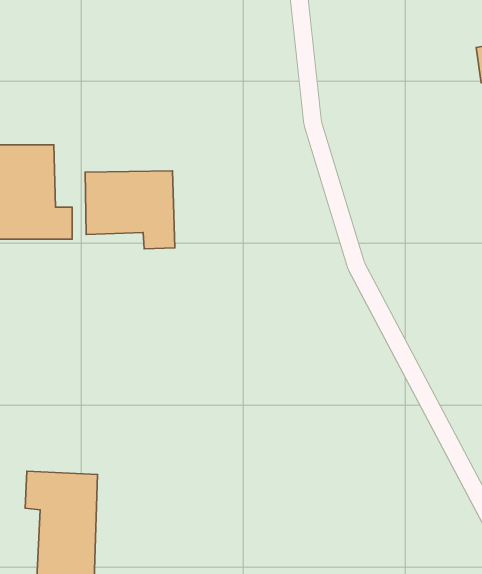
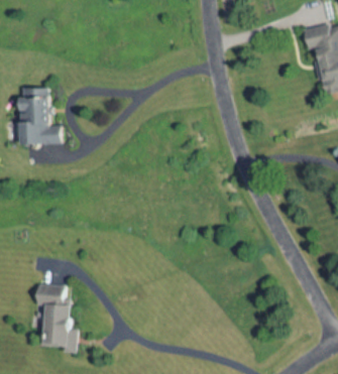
building: [85,171,175,249] -> none

